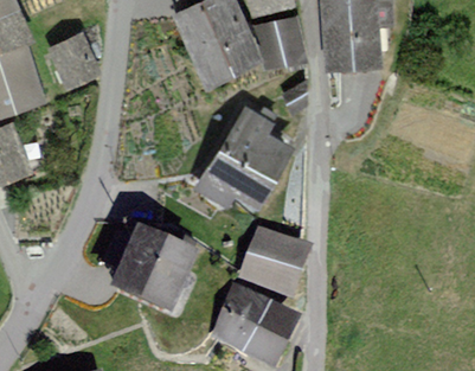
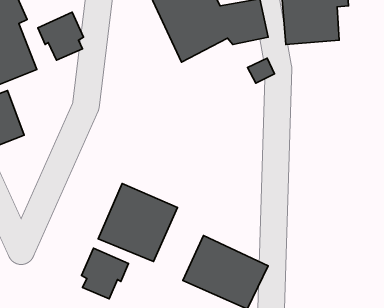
building: [195,104,301,209] -> none
building: [240,230,315,300] -> none
building: none -> [82,248,128,299]

